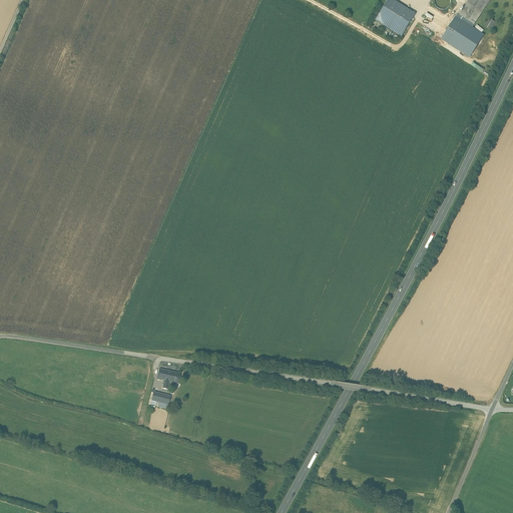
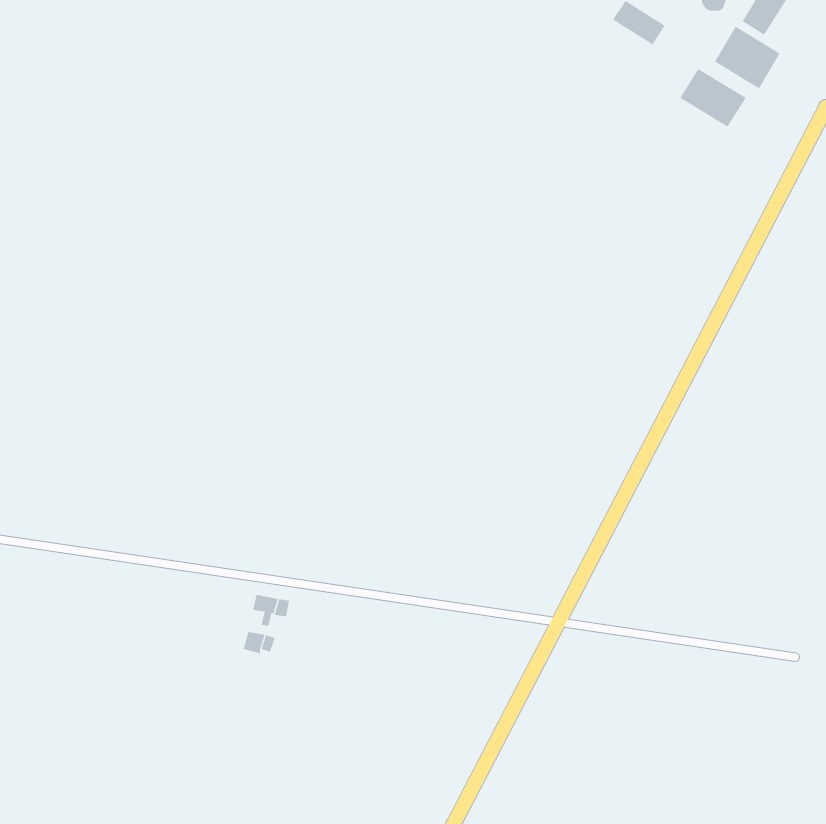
building: none -> [679,68,746,127]

